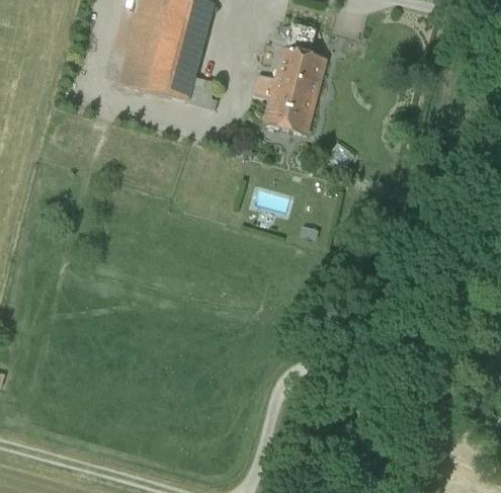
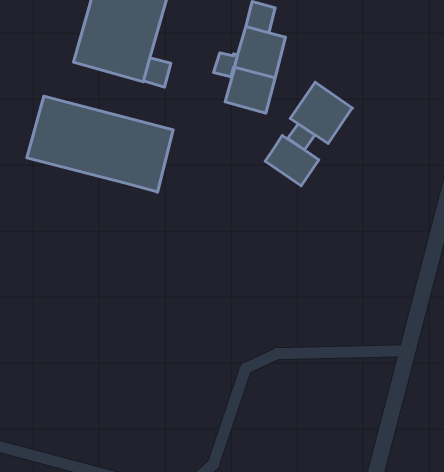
building: none -> [290,82,352,144]
building: none -> [27,96,173,192]
building: none -> [265,135,319,186]

